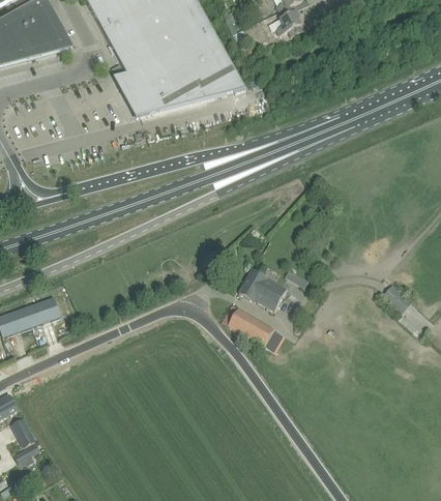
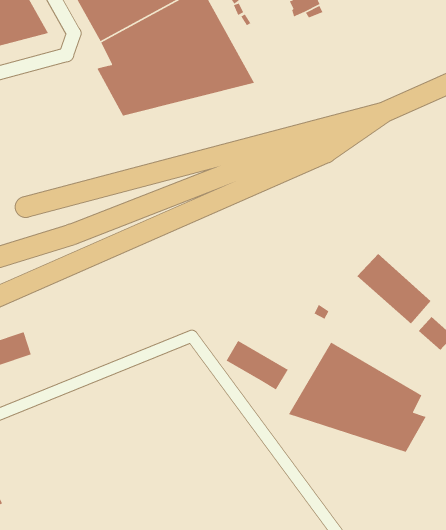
building: none -> [357,253,431,325]
building: [239,268,288,310] -> none
building: none -> [288,342,427,453]

